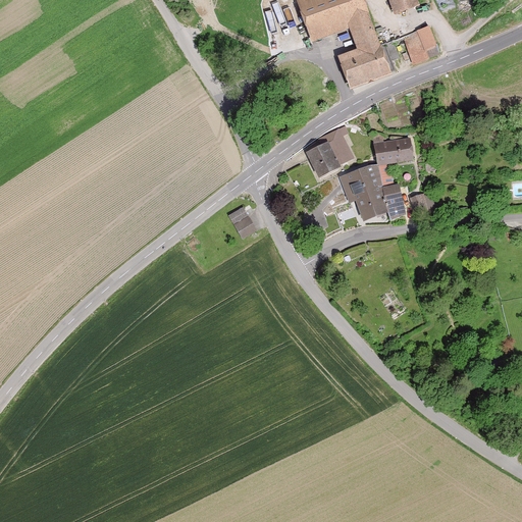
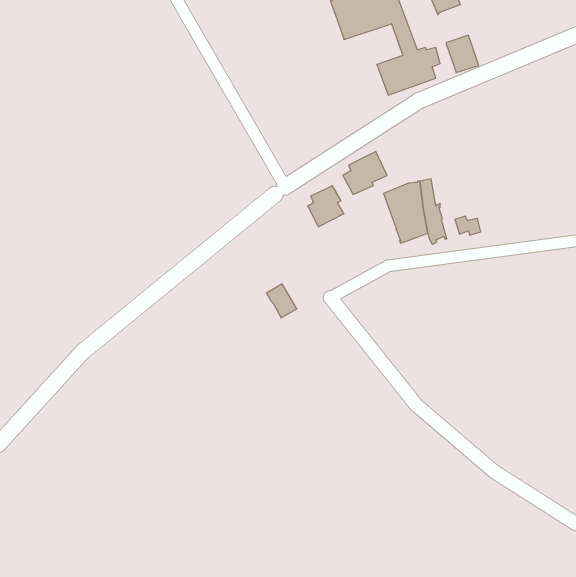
building: [372,140,411,163] -> none
building: none -> [308,186,344,227]
building: [227,207,255,238] -> [266,284,297,318]

